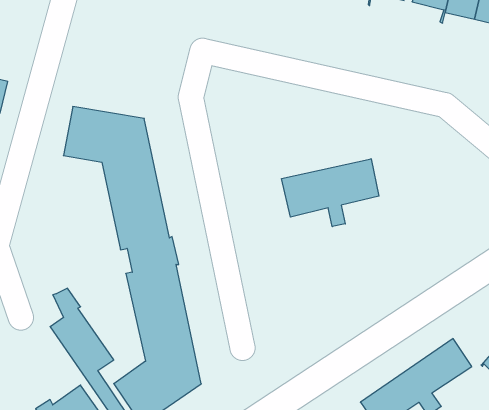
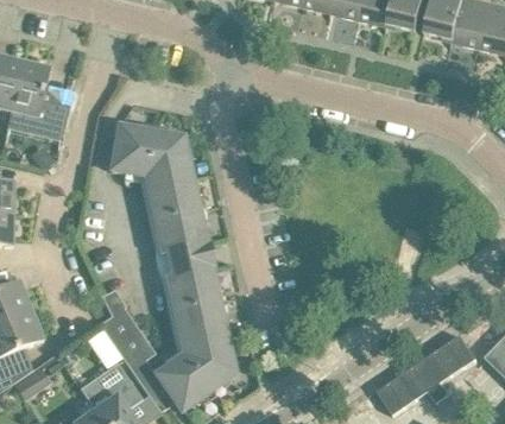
building: [282,159,379,227] -> none

